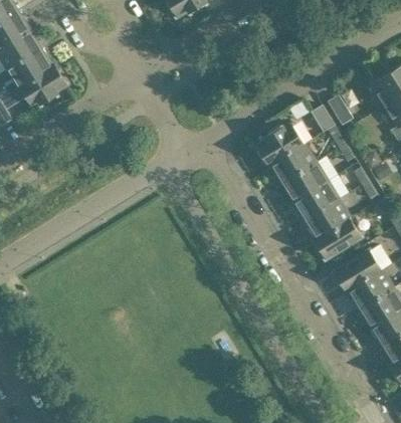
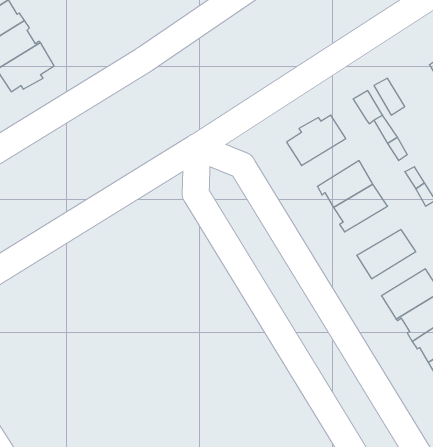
building: [267,144,315,183] -> none
building: [303,199,349,239] -> none

